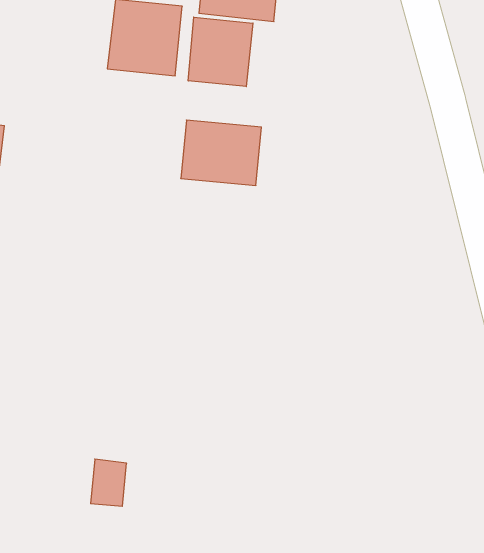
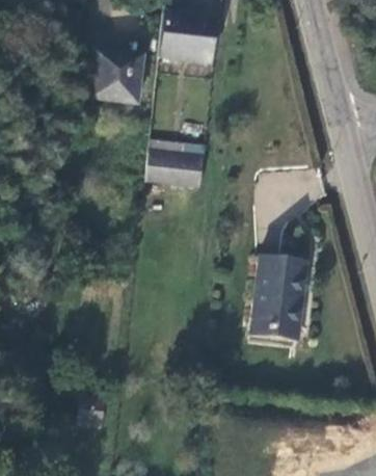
building: [188,17,253,87] -> none
building: none -> [250,253,310,338]

